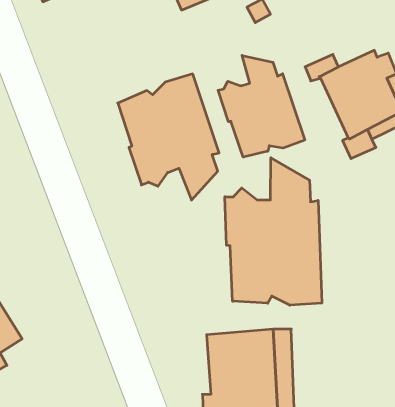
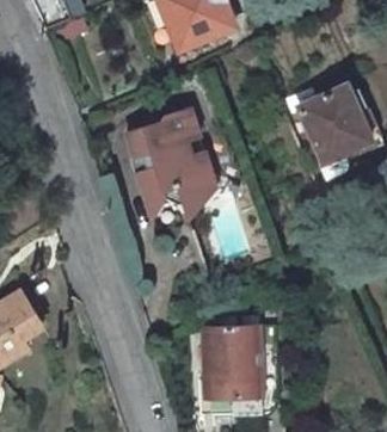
building: [218,55,305,157] -> none
building: [225,158,322,305] -> none

